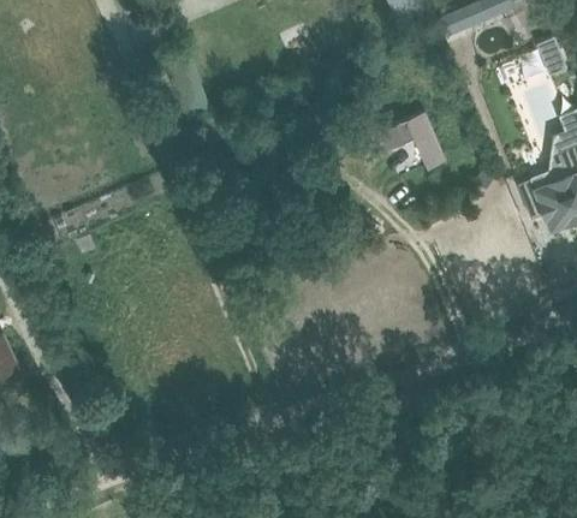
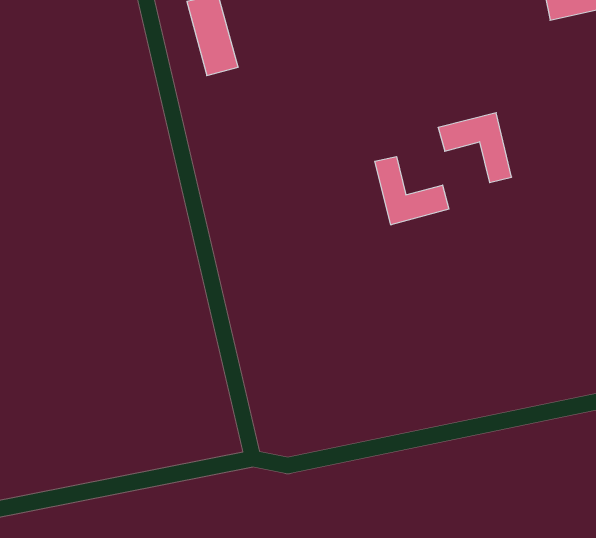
building: none -> [375,157,449,225]

